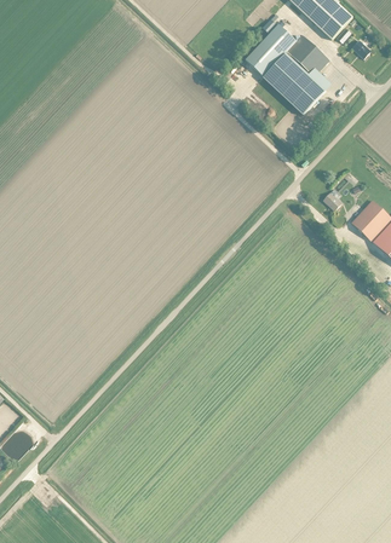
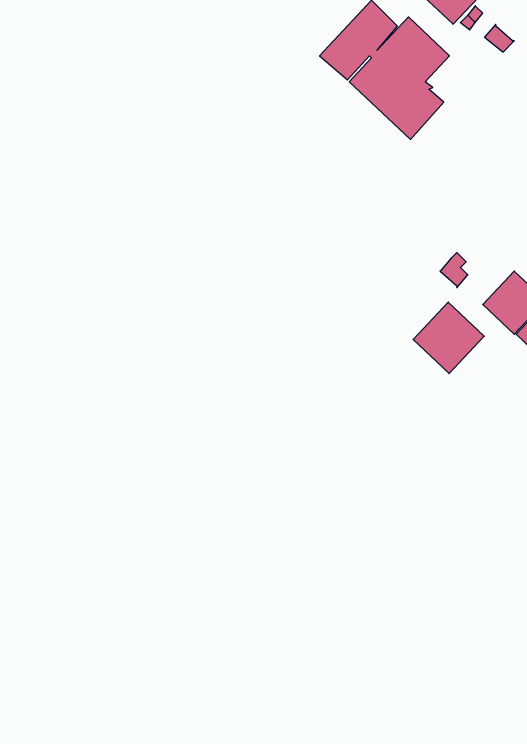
building: none -> [413,302,484,374]

